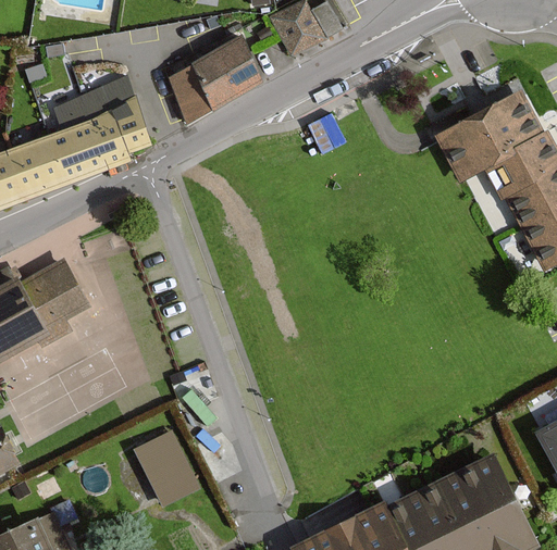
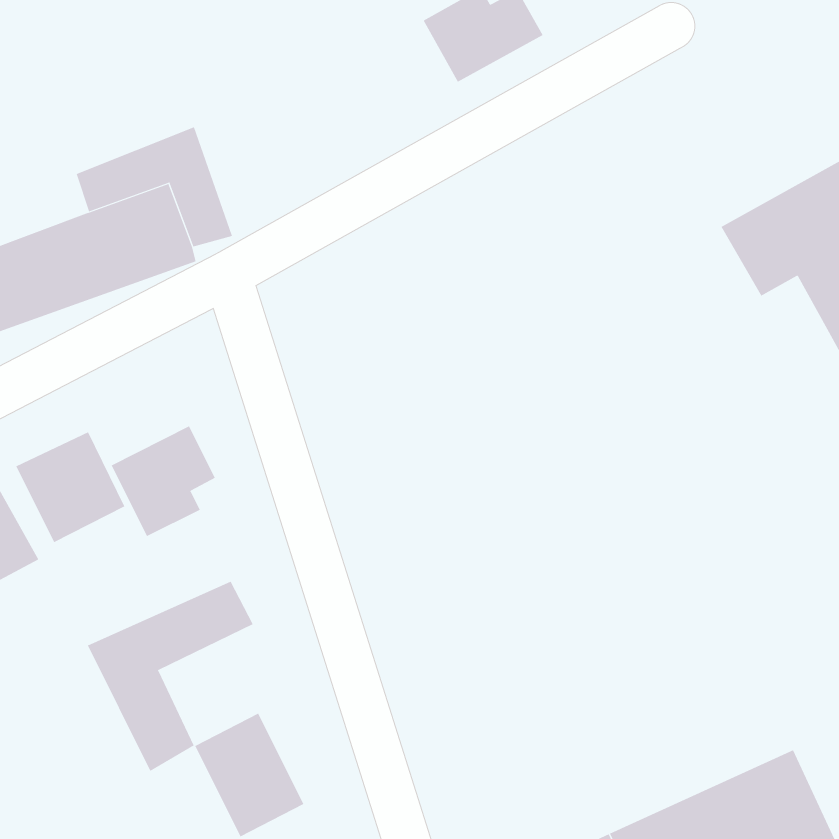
building: [161,32,257,115] -> none
building: none -> [111,426,216,537]
building: none -> [87,581,254,772]

